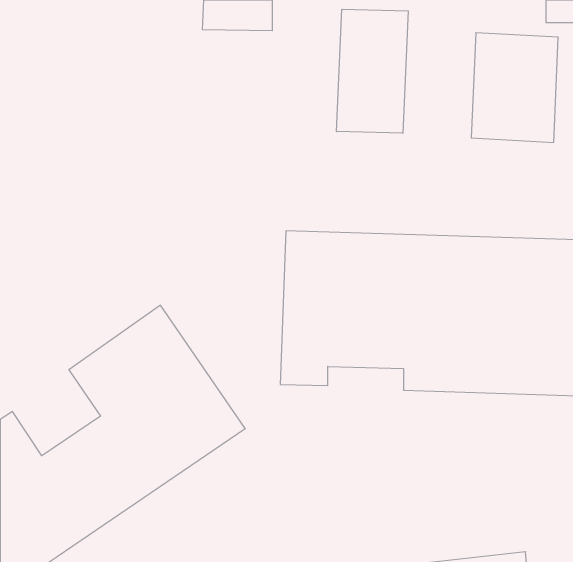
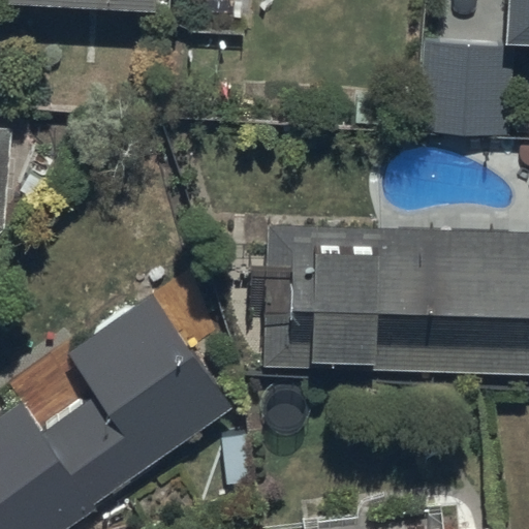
building: [337,9,408,133] -> none

